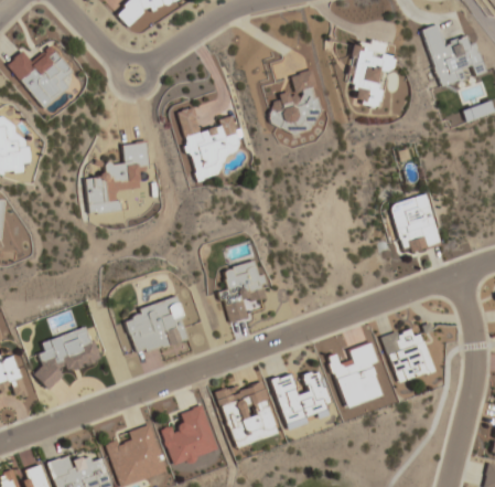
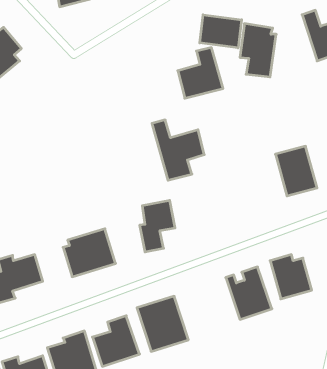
building: none -> [200,15,242,48]
building: [176,105,241,180] -> [152,120,204,180]
building: [85,140,150,213] -> none
building: [271,369,333,426] -> none

